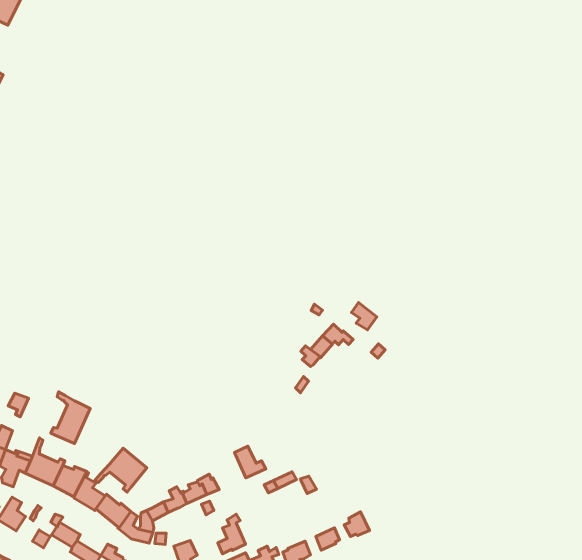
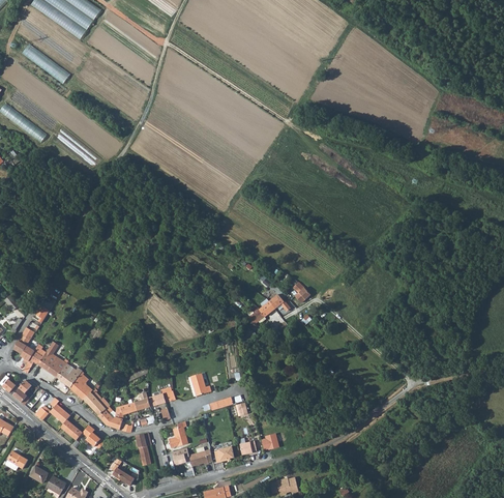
building: [51,392,90,443] -> none
building: [94,448,147,492] -> none

